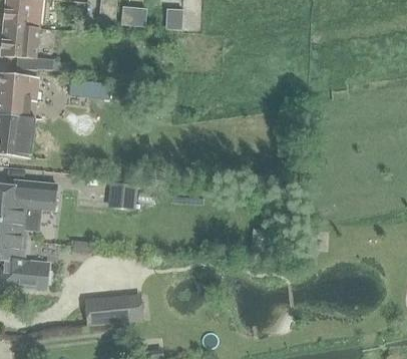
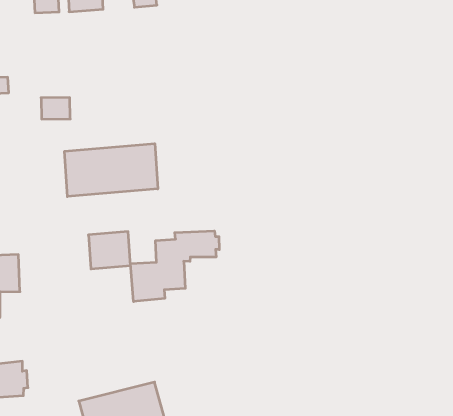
building: none -> [65,144,158,197]
building: none -> [130,231,219,302]

